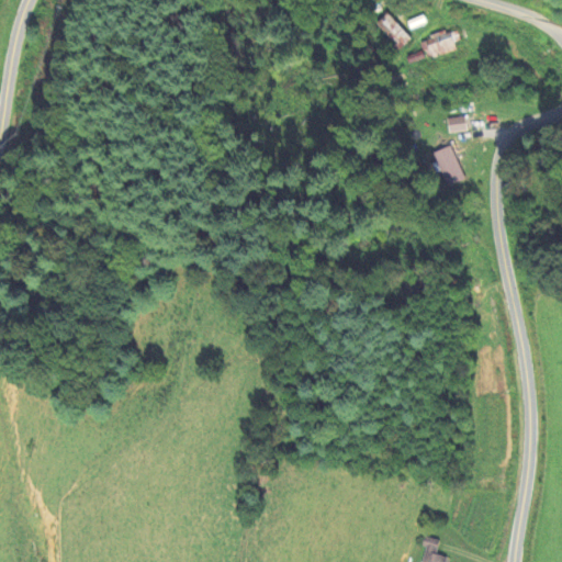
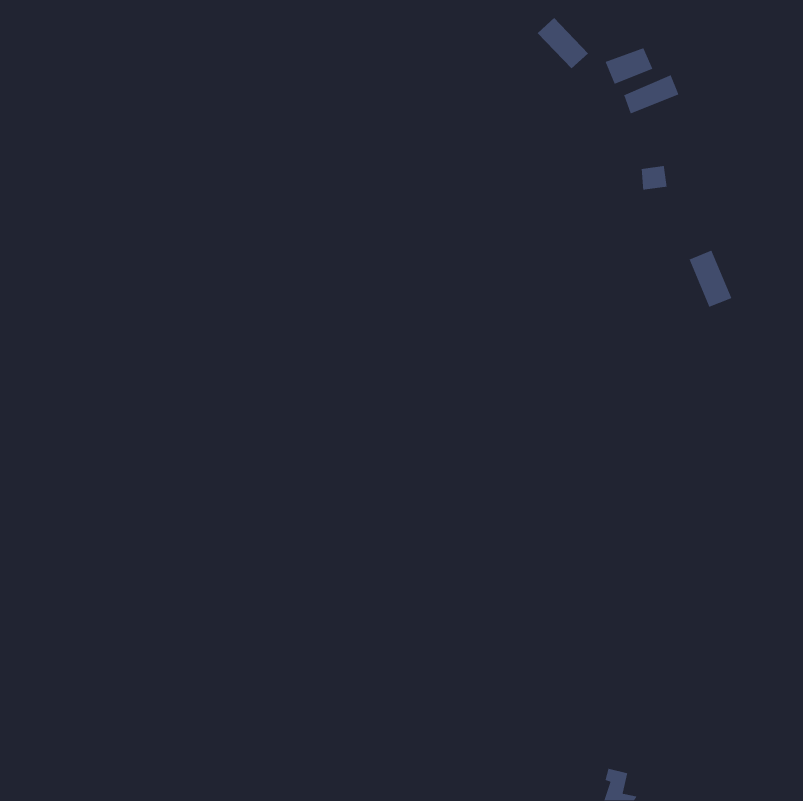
building: none -> [623,74,679,114]
building: [432,145,463,186] -> [688,250,732,308]

